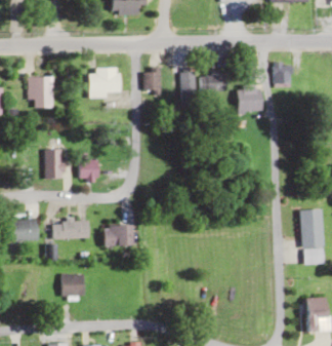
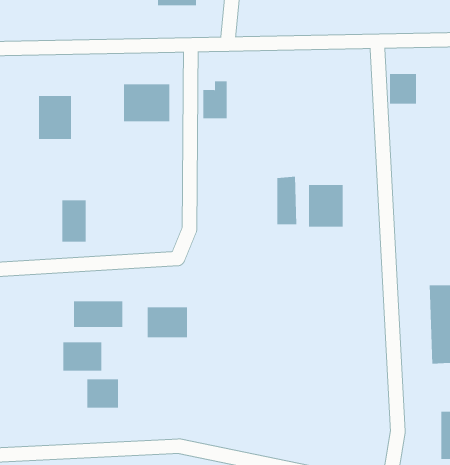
building: [180,71,195,105] -> [277,176,297,225]
building: [202,72,226,92] -> none
building: [237,83,261,113] -> [308,185,343,227]
building: [78,159,97,180] -> none
building: [9,220,37,240] -> [62,342,102,371]

